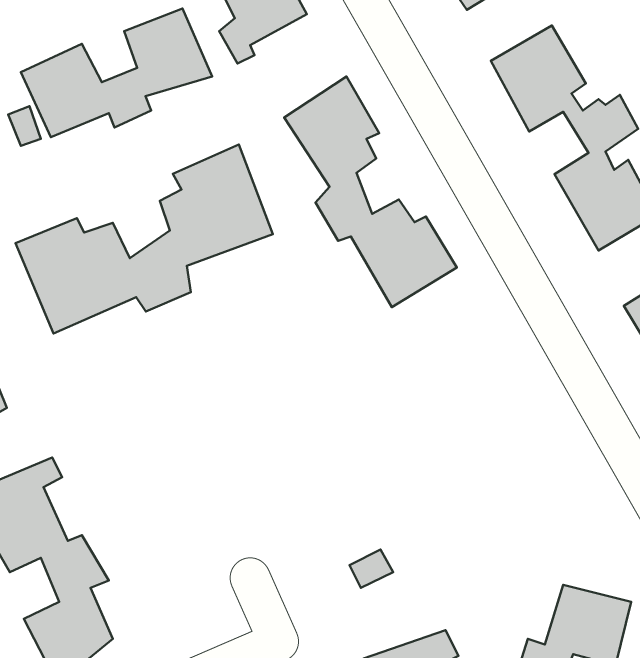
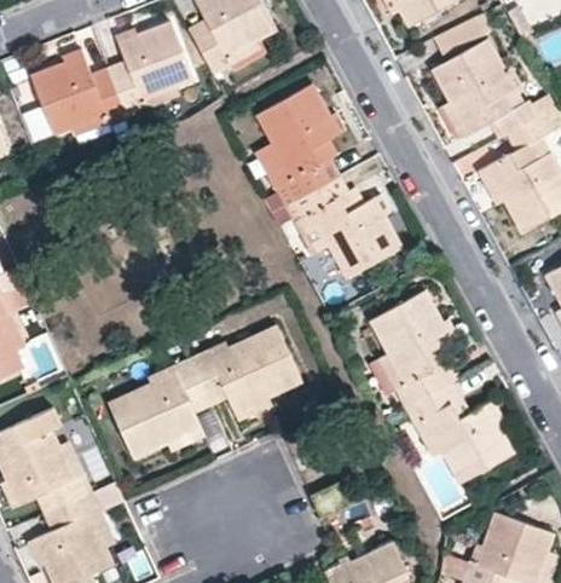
building: [16,145,273,333] -> none
building: none -> [369,288,513,479]
building: none -> [117,328,305,456]

